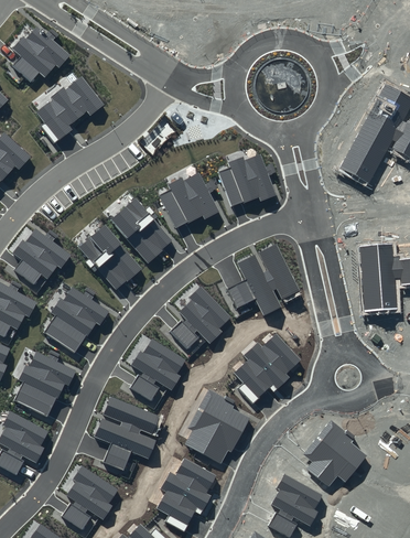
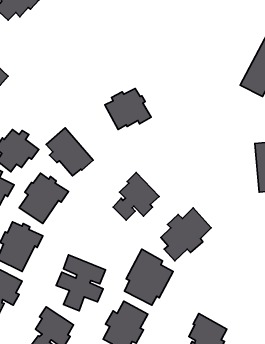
building: [35,76,104,143] -> none
building: [217,153,277,205] -> none
building: [108,197,171,263] -> none
building: [225,244,300,315] -> none
building: [129,338,185,401] -> none
building: [302,420,366,487] -> none

